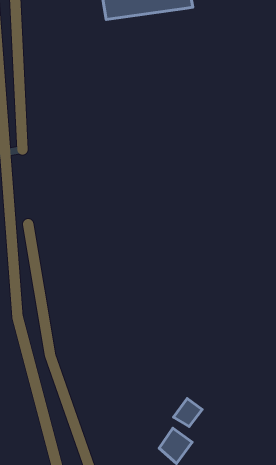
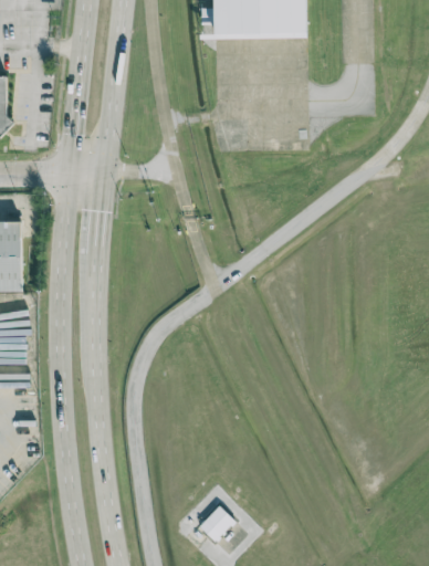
building: [173,398,202,426] -> none

